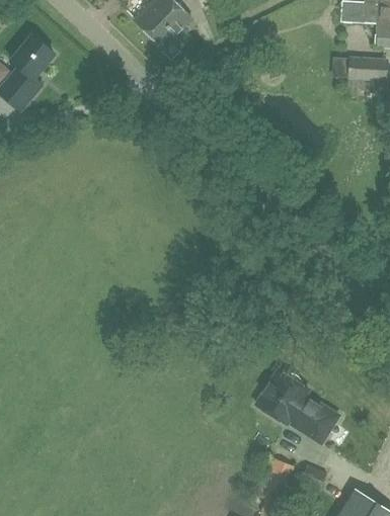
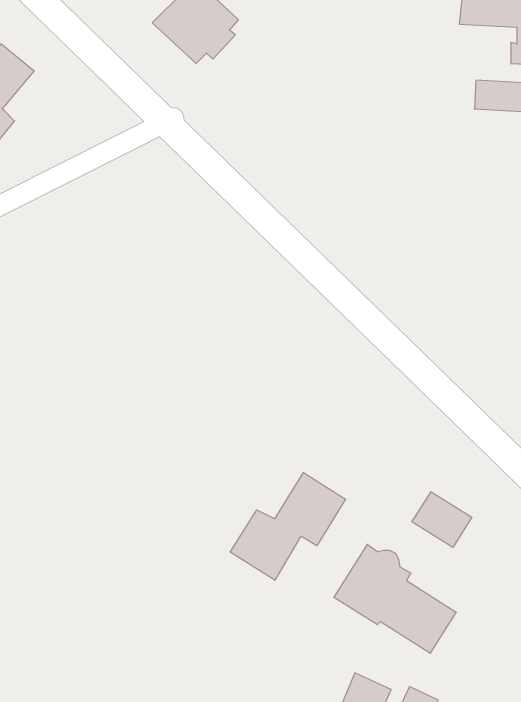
building: none -> [230,472,346,580]
building: none -> [412,492,472,547]

